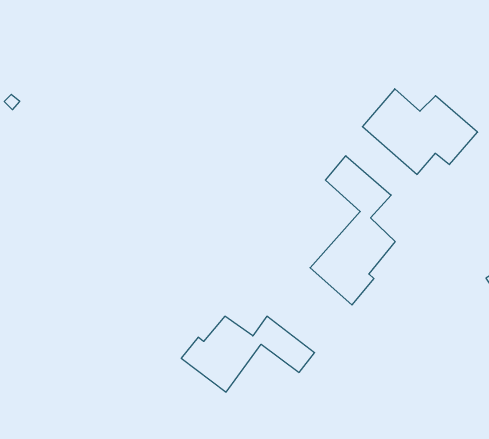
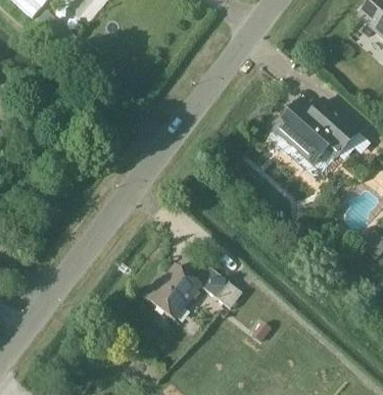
building: [310,156,395,305] -> none

